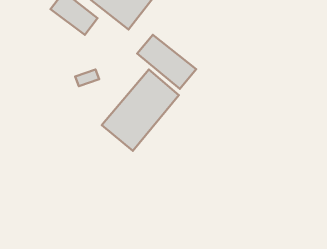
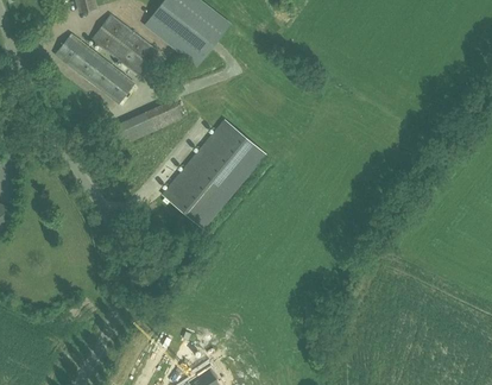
building: none -> [56,34,134,102]
building: [137,35,196,89] -> none

